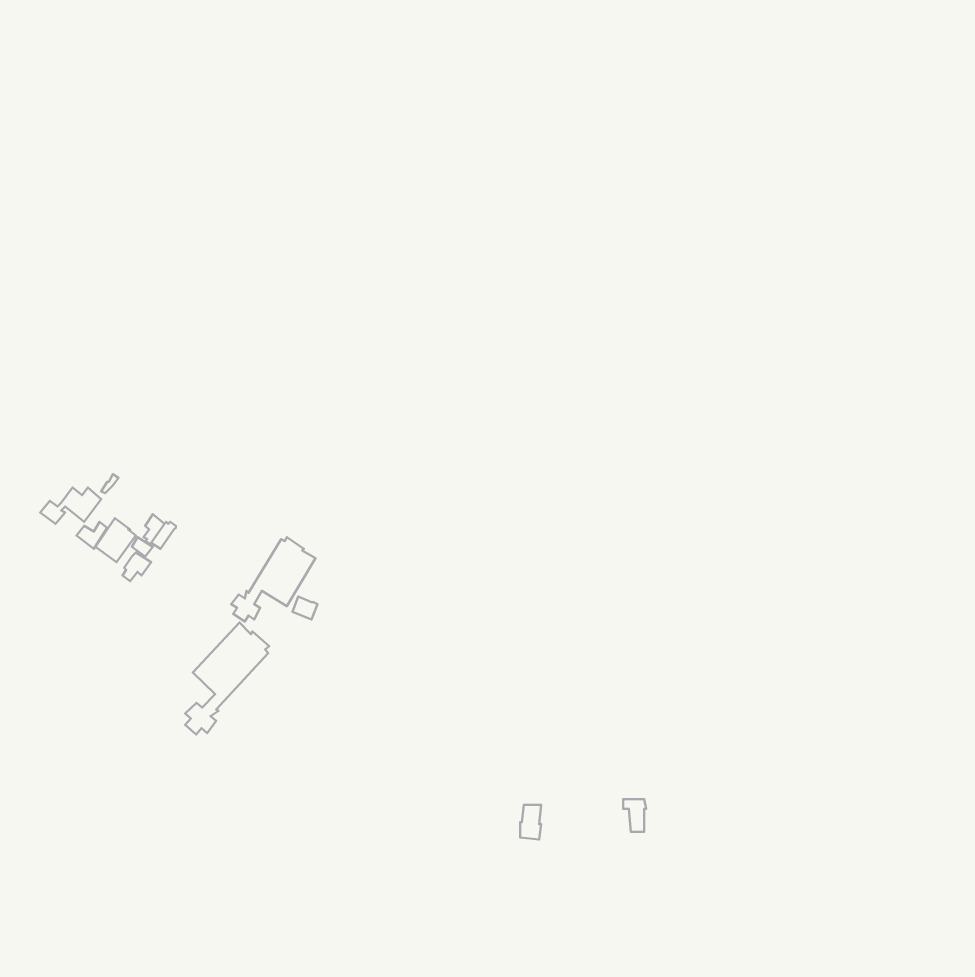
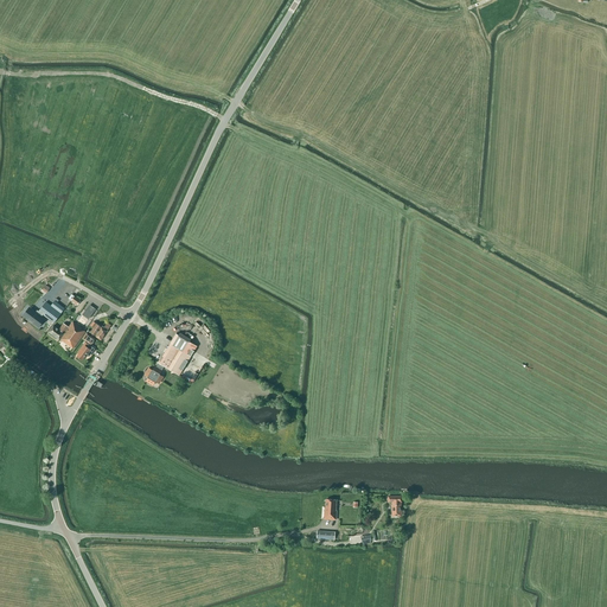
building: [185,622,269,735] -> none

